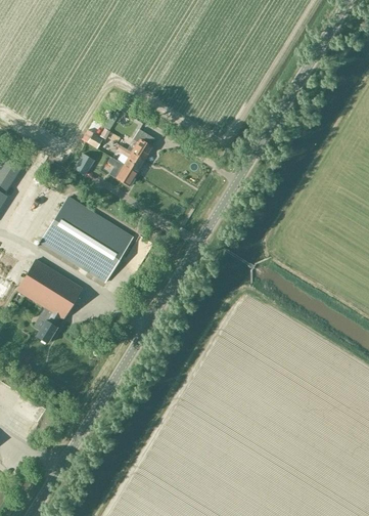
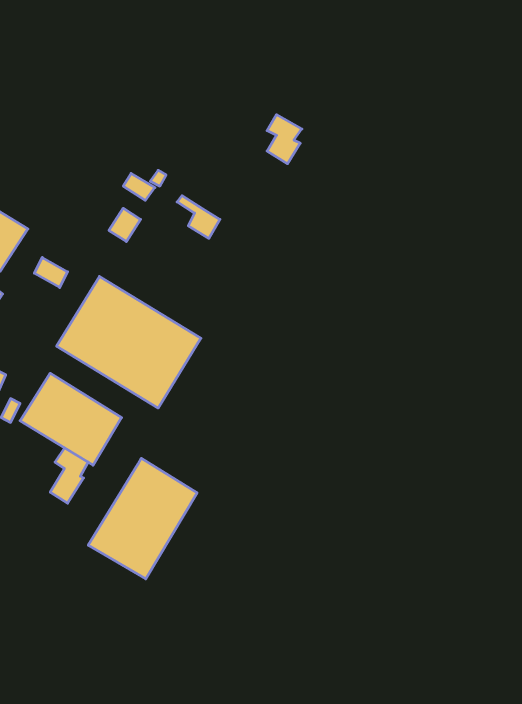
building: [132,128,154,160] -> [267,115,302,164]
building: [108,157,138,185] -> none
building: none -> [88,458,197,579]

